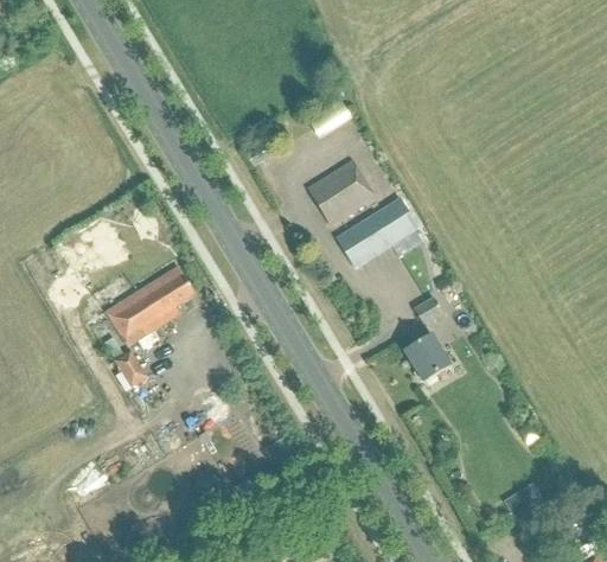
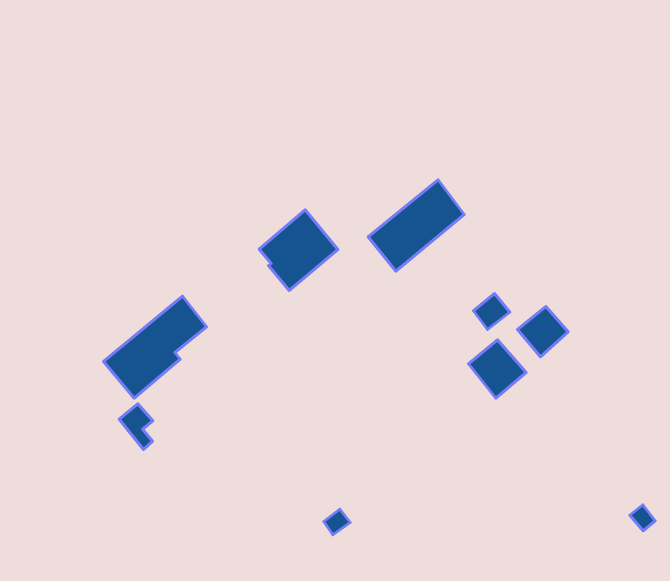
building: [312,161,376,225] -> [259,210,338,290]
building: none -> [517,306,568,357]

